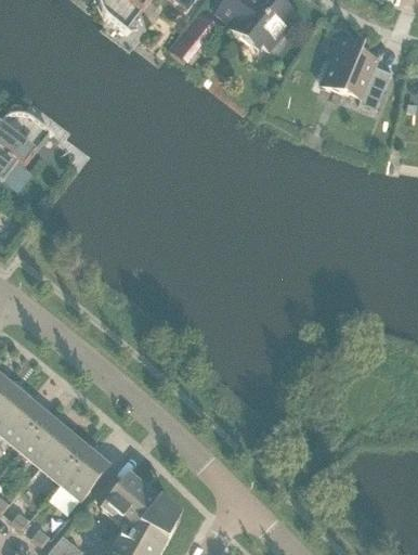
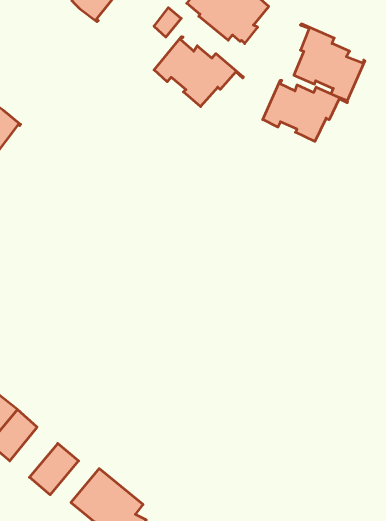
building: none -> [154,37,243,107]
building: none -> [263,80,347,141]
building: [39,431,87,481] -> none

